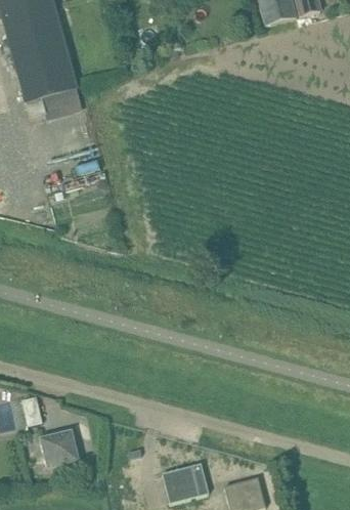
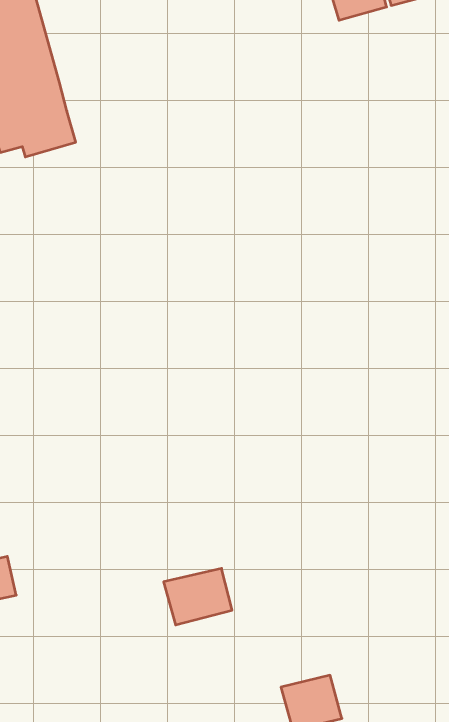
building: [40,429,80,475] -> none
building: [162,462,209,501] -> [164,568,232,625]

